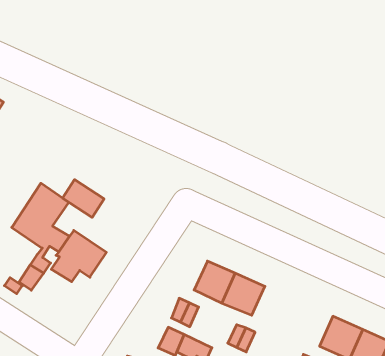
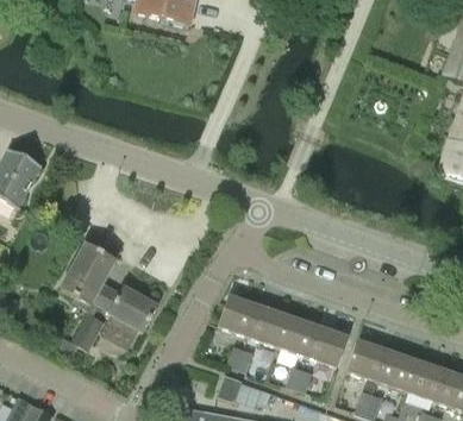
building: [63,180,104,217] -> none
building: none -> [218,295,258,335]
building: none -> [307,326,348,366]
building: none -> [346,339,388,381]

